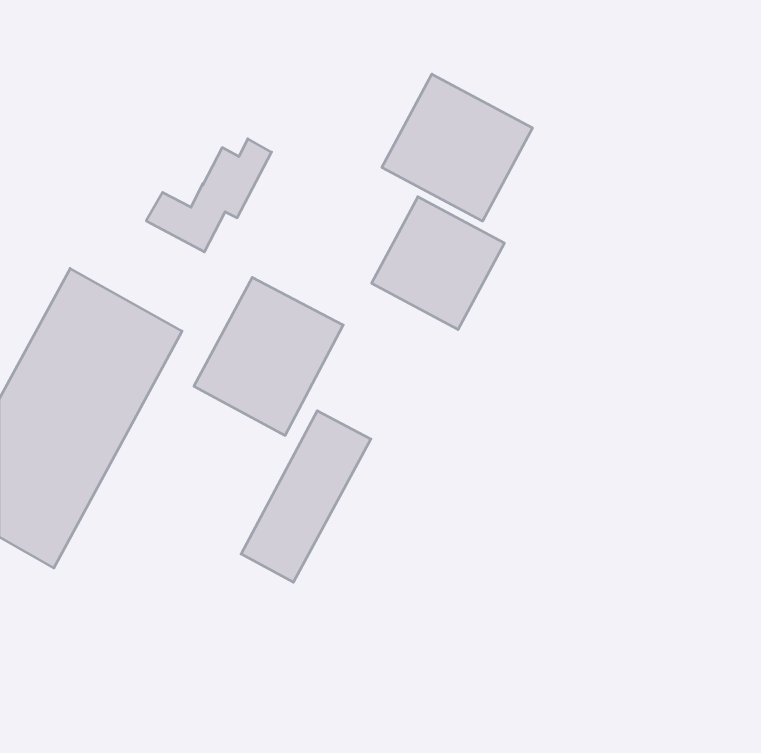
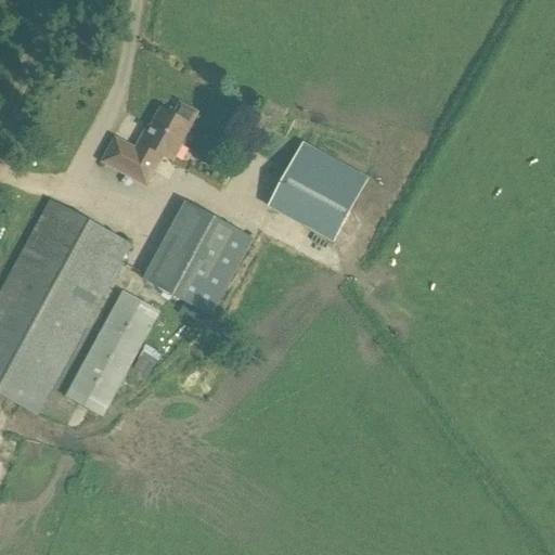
building: [382,74,532,221] -> none
building: [241,411,371,582] -> [66,289,160,414]

